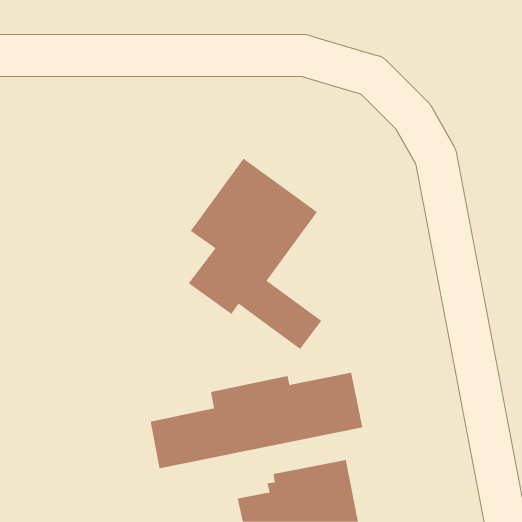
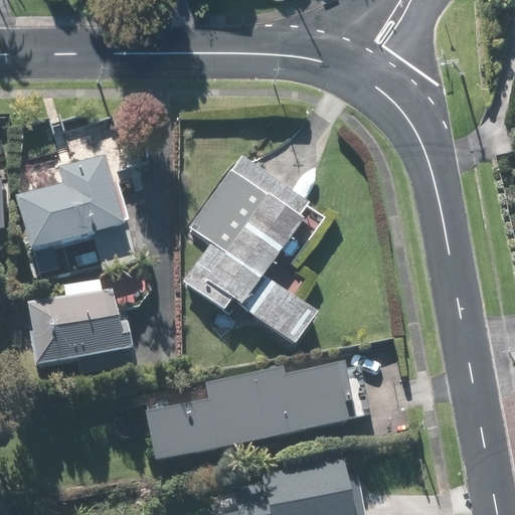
building: none -> [17,155,137,272]
building: none -> [26,287,133,364]

